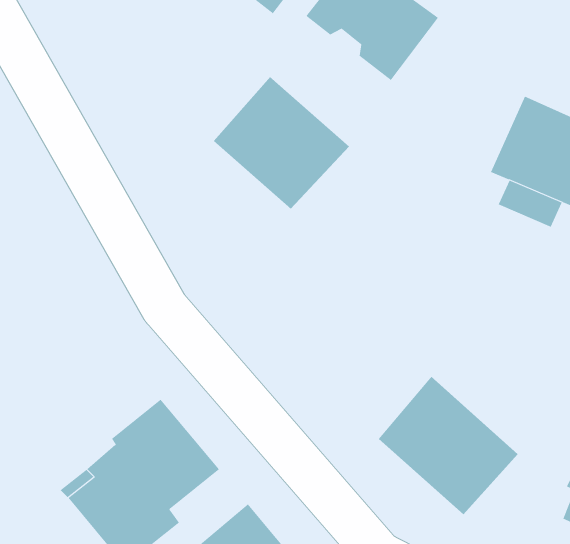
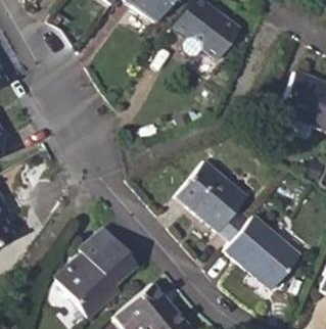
building: [213,76,350,209] -> [174,158,247,230]

